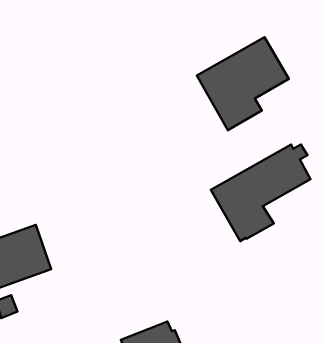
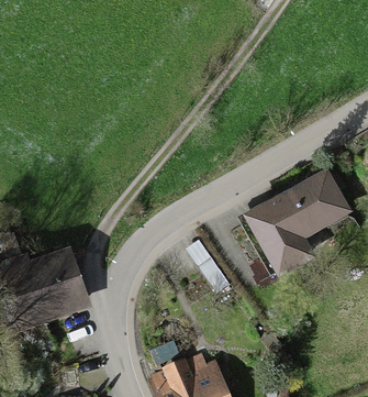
building: [197,37,289,130] -> none

